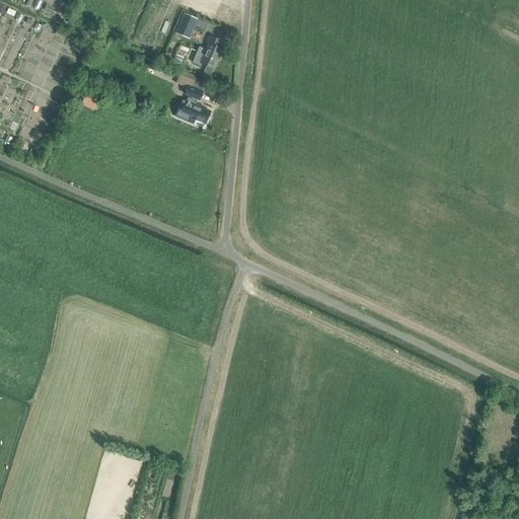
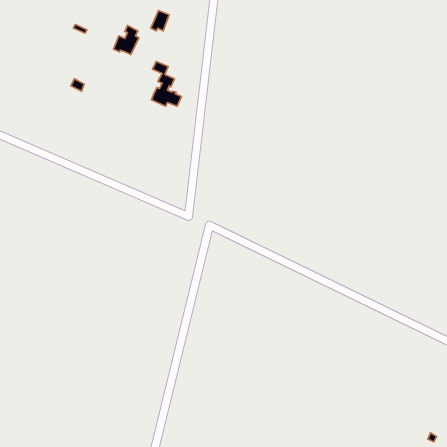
building: [192,34,221,68] -> [113,25,139,54]

